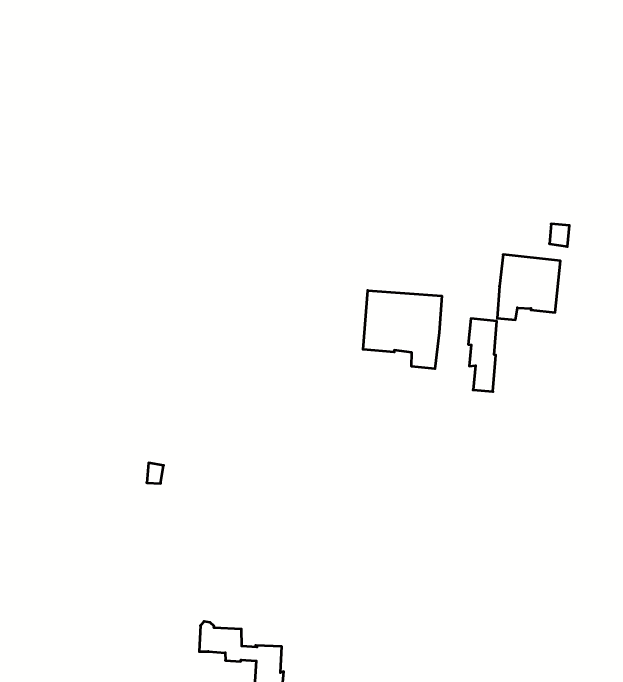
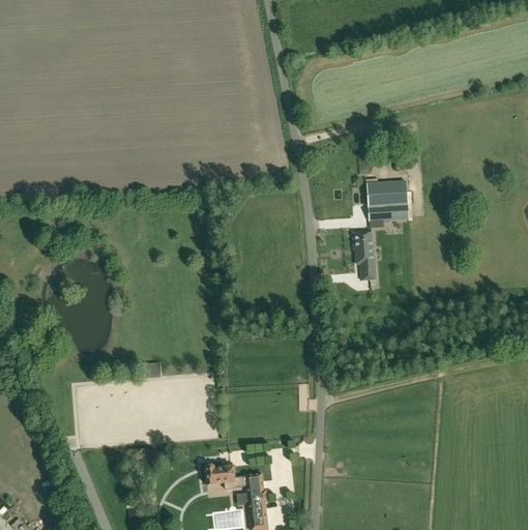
building: [363,290,442,369] -> none

